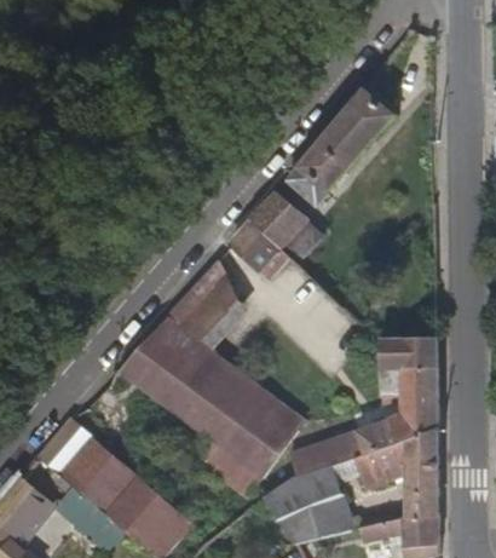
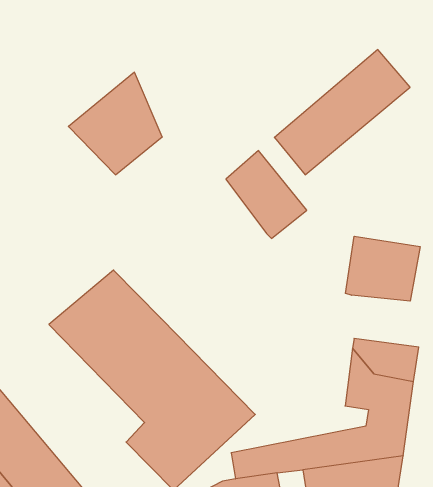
building: [230,220,292,281] -> none
building: none -> [346,236,420,301]
building: [165,258,247,349] -> [68,72,162,175]

